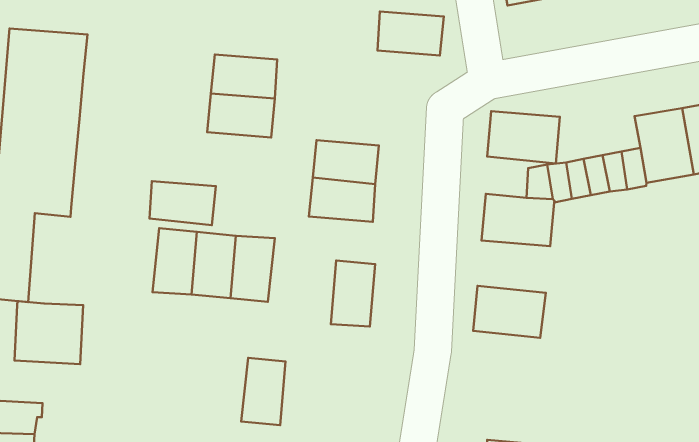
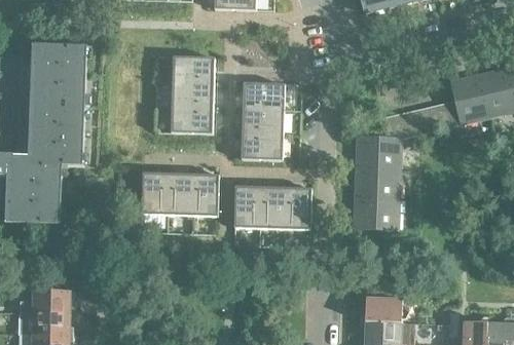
building: [378,11,444,56] -> [243,82,285,109]
building: [487,111,560,164] -> [354,167,400,199]
building: [150,181,216,225] -> [171,107,213,133]
building: none -> [285,187,311,229]
building: [14,301,83,364] -> none
building: [241,358,286,425] -> [233,185,260,228]

